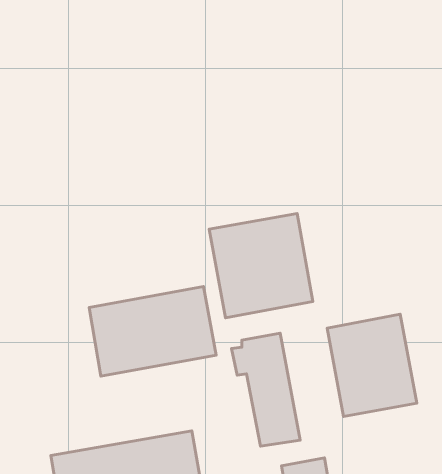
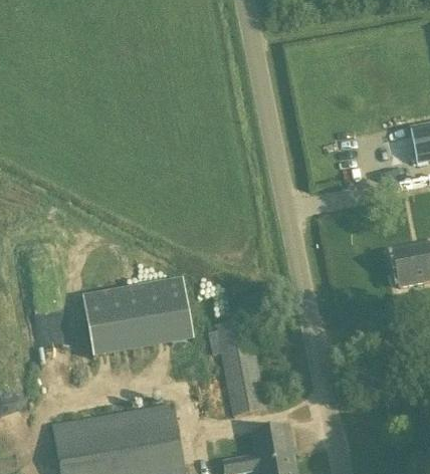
building: [209,214,313,318] -> none
building: [327,314,417,417] -> none

